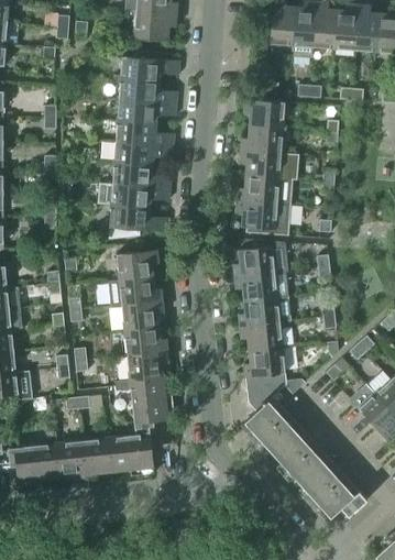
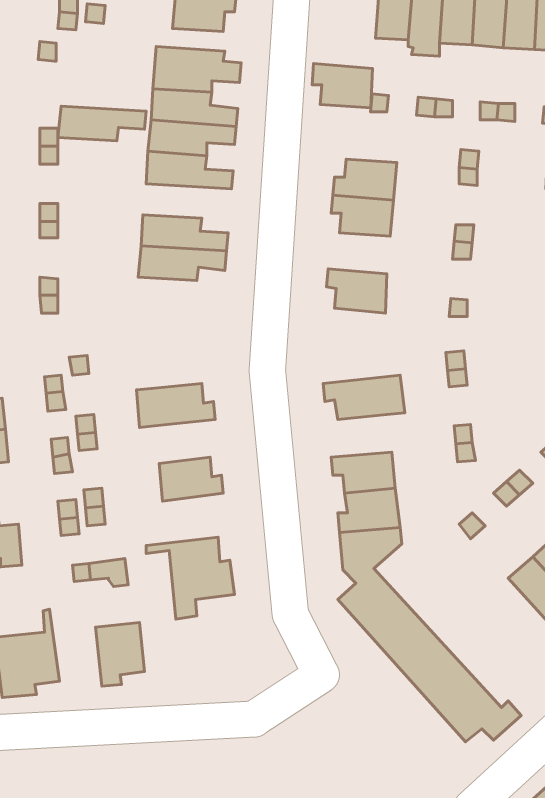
building: [244,99,285,129] -> [312,64,373,108]
building: [113,143,173,166] -> [58,106,146,141]
building: [238,176,279,204] -> none
building: [108,206,167,240] -> none
building: [233,240,288,277] -> none
building: [117,251,158,281] -> none
building: [239,298,281,327] -> none
building: [121,301,163,331] -> none
building: [114,351,168,386] -> none
building: [51,429,86,482] -> none
building: [111,433,154,476] -> none

